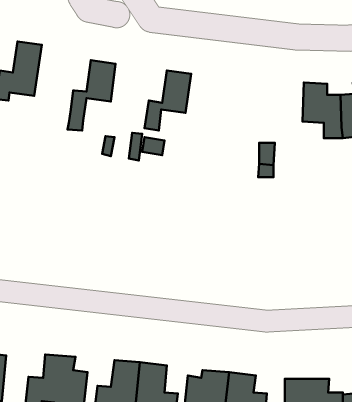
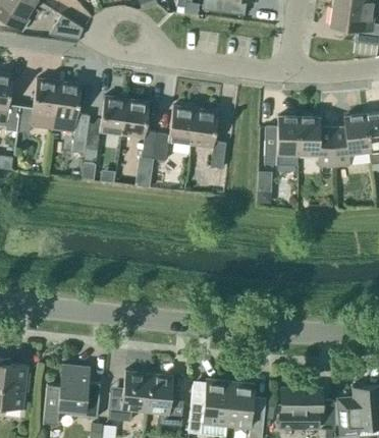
building: none -> [52,83,90,154]
building: none -> [122,100,157,159]
building: none -> [191,109,226,169]
building: none -> [264,116,299,165]

